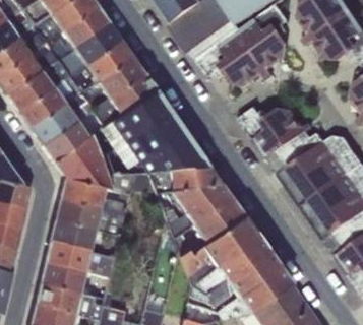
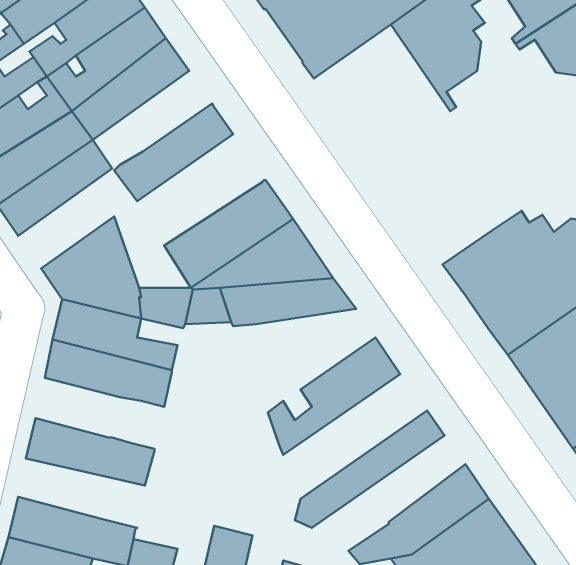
building: [198,32,270,85] -> none
building: [81,57,144,110] -> none
building: [105,90,173,149] -> none
building: [239,106,313,159] -> none
building: [42,119,89,161] -> none
building: [164,183,231,238] -> none
building: [182,217,258,283] -> none
building: [51,219,96,251] -> none
building: [197,250,279,304] -> none
building: [42,262,90,295] -> none

